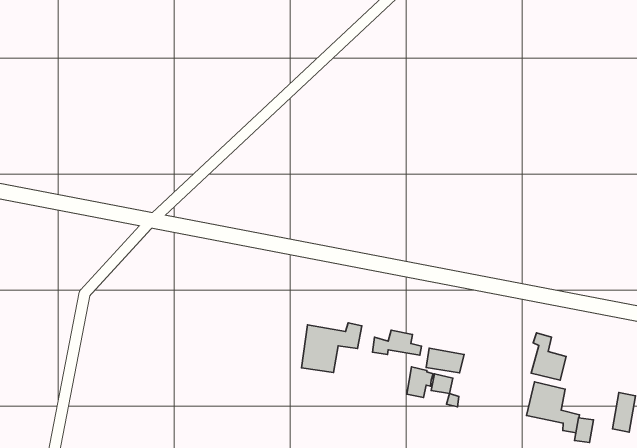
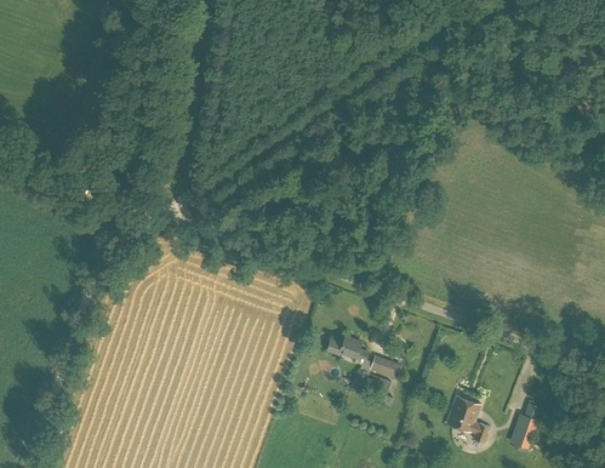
building: [302,323,362,372] -> none
building: [531,333,566,380] -> none

